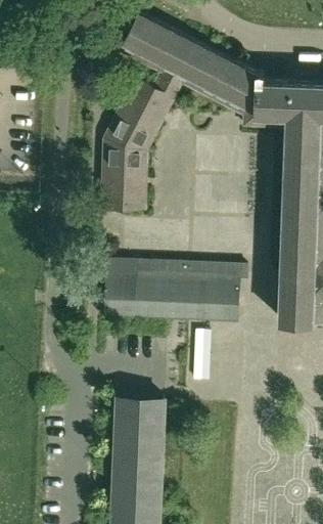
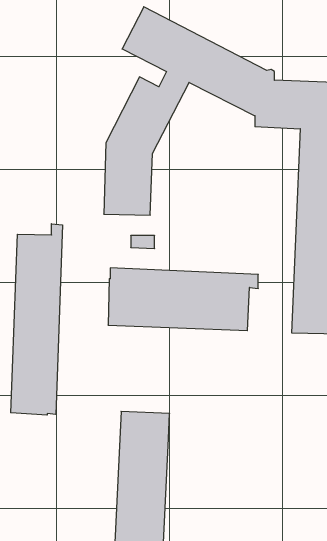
building: none -> [11,224,62,415]

